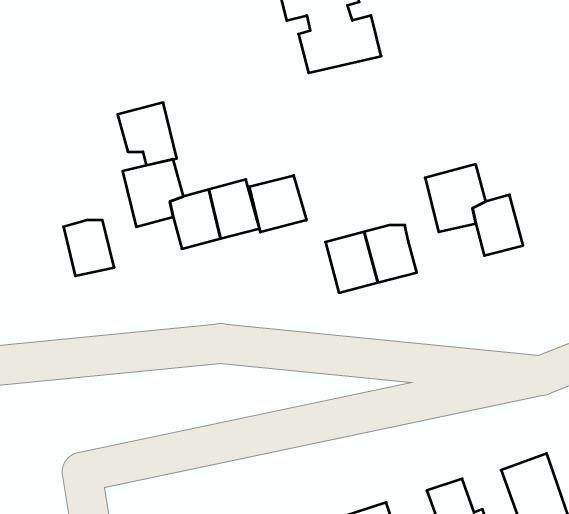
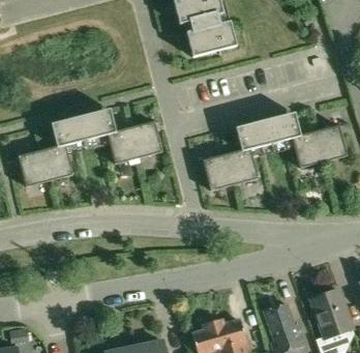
building: [118,103,177,165] -> [50,115,86,153]
building: [249,175,306,232] -> none
building: none -> [235,119,271,157]
building: none -> [314,123,347,160]
building: none -> [17,149,49,185]

